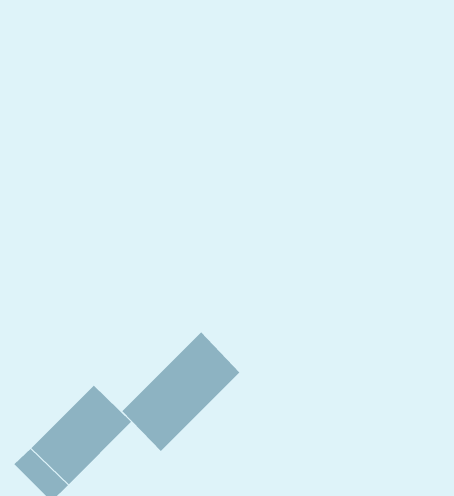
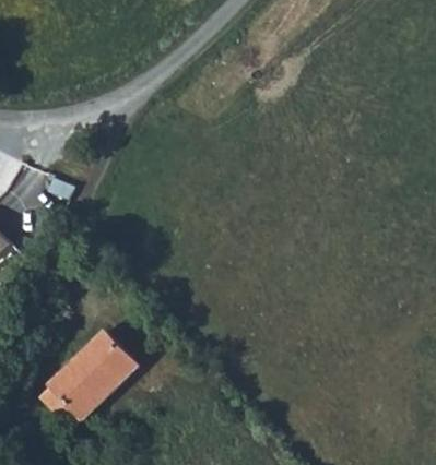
building: [122,332,240,452] -> none

